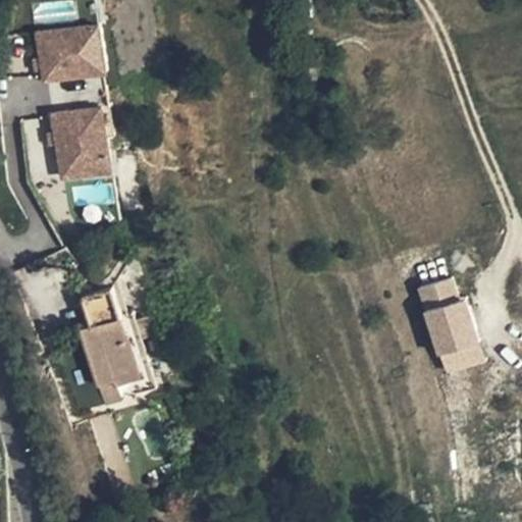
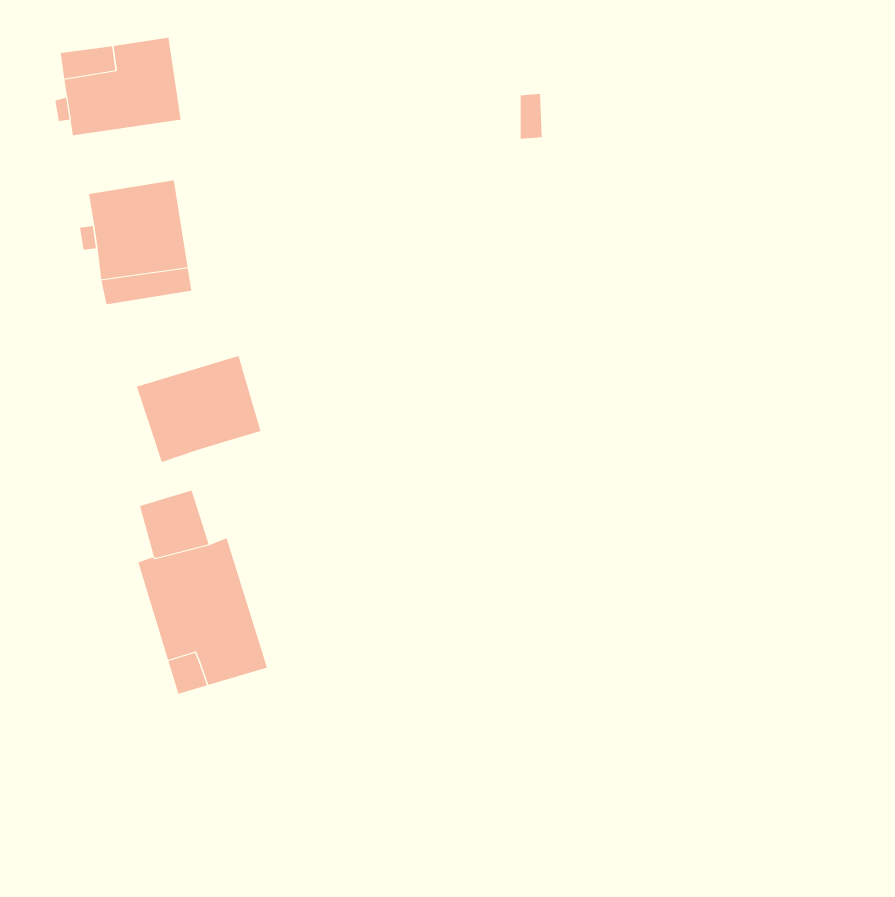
building: none -> [136,355,261,463]
building: [415,281,480,375] -> none

